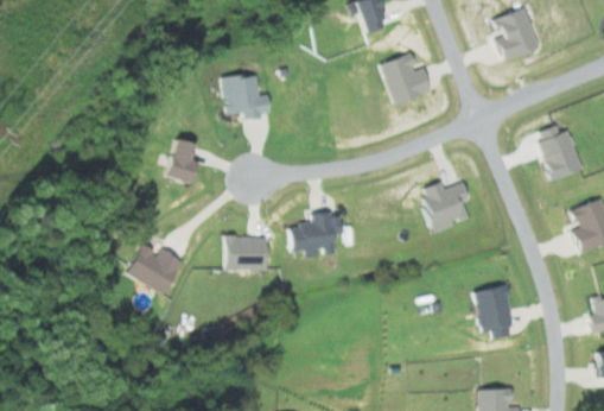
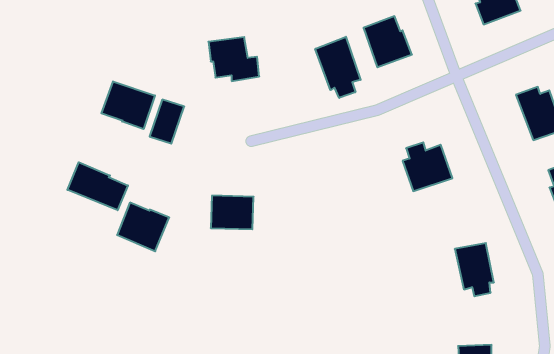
building: none -> [315,37,361,98]
building: none -> [101,81,155,129]
building: none -> [67,162,128,210]
building: [288,214,341,258] -> none

